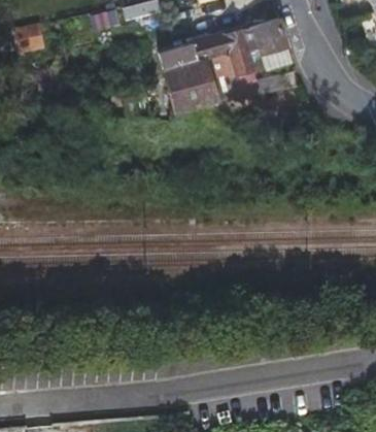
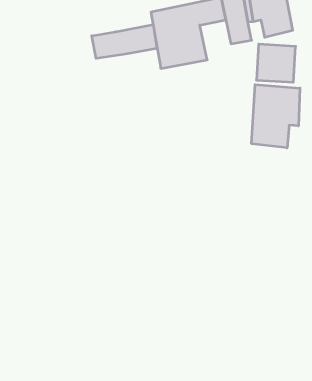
building: none -> [92,24,157,58]
building: none -> [252,85,300,148]

